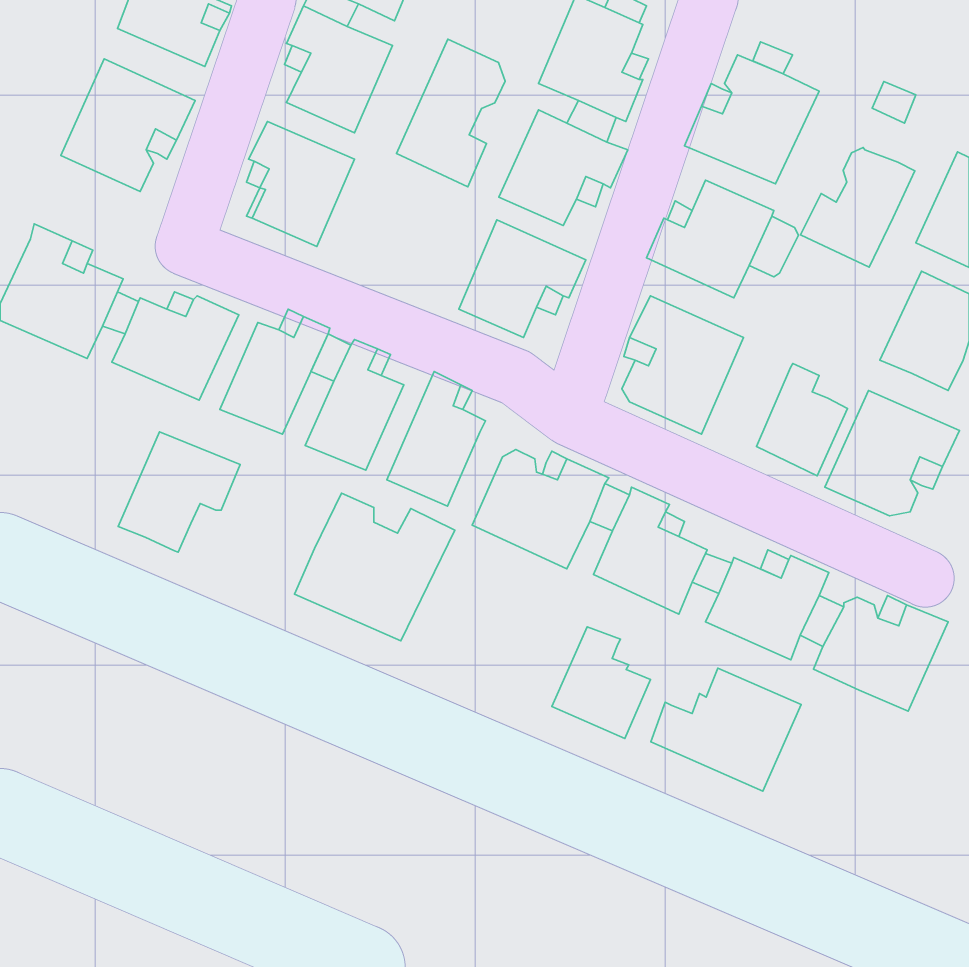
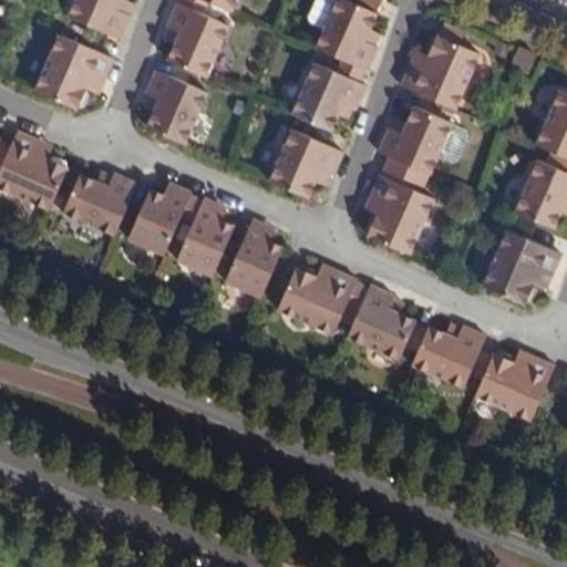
building: [397,39,505,187] -> none
building: [800,147,915,267] -> none
building: [757,364,848,476] -> none
building: [118,432,240,552] -> none
building: [294,493,455,641] -> none
building: [552,627,651,739] -> none
building: [651,668,801,791] -> none

